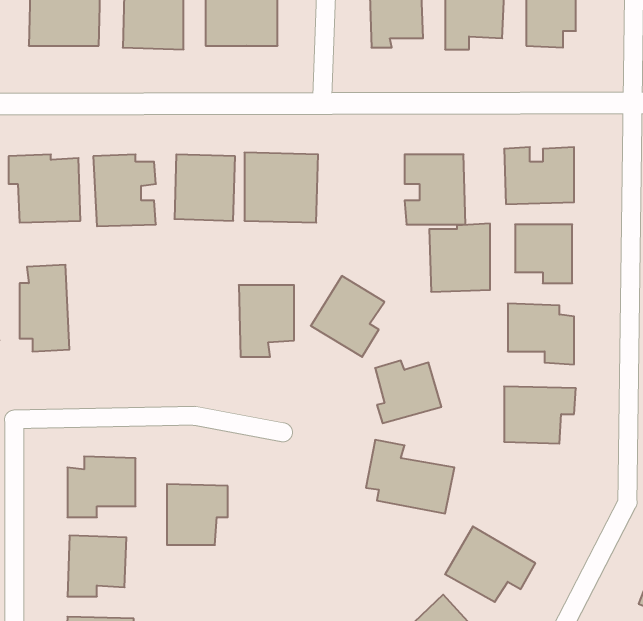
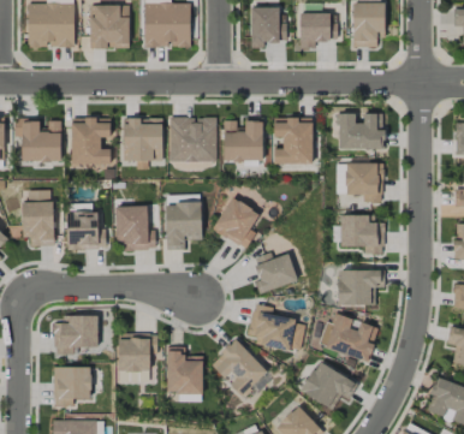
building: [429,224,490,292] -> [222,118,262,162]
building: none -> [114,206,155,251]
building: none -> [65,212,106,249]
building: none -> [325,314,379,362]
building: none -> [210,339,267,397]
building: none -> [166,347,203,393]

